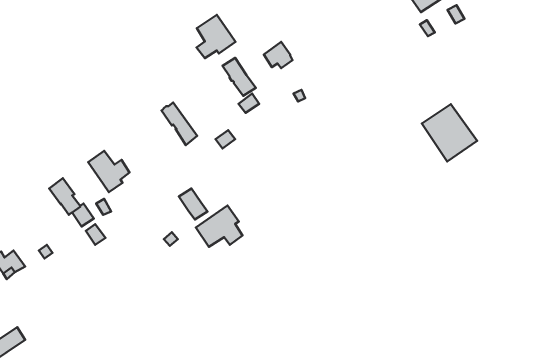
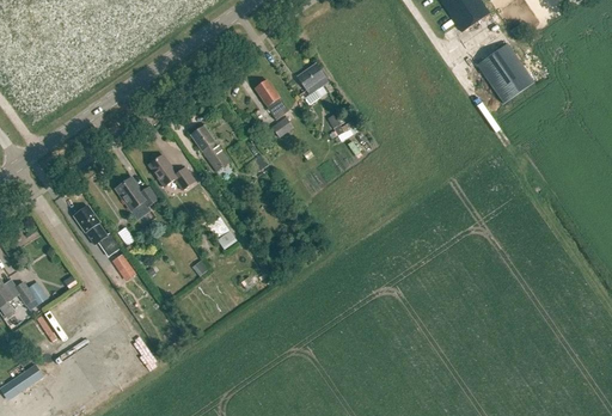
building: [197,15,235,58] -> none
building: [422,104,477,161] -> [477,43,534,103]
building: none -> [148,153,195,189]
building: [196,206,243,247] -> none

